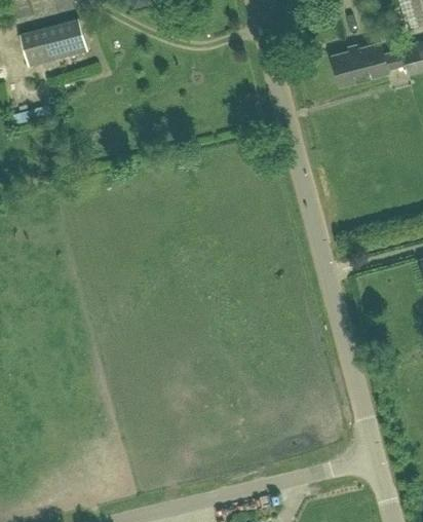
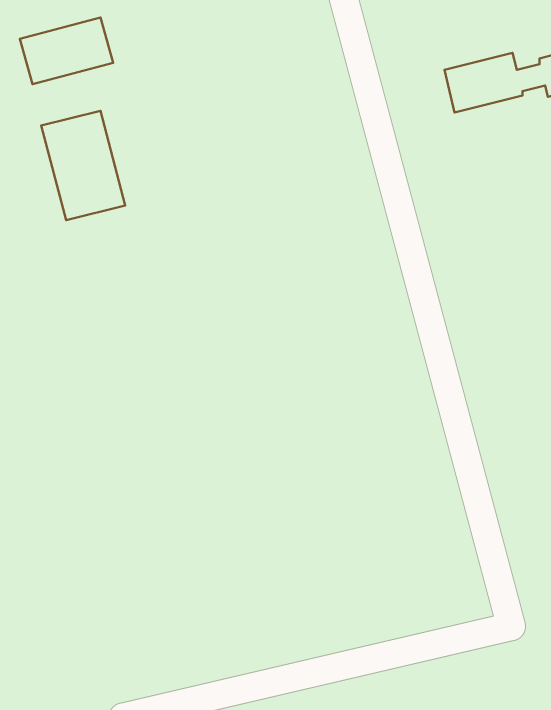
building: none -> [41,111,125,220]

